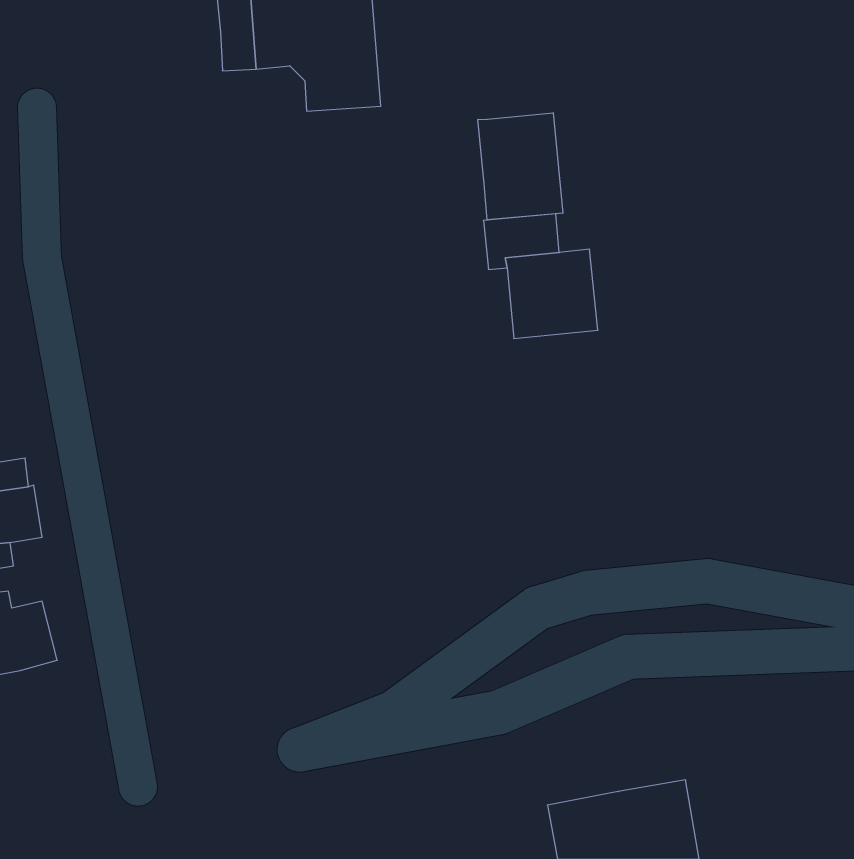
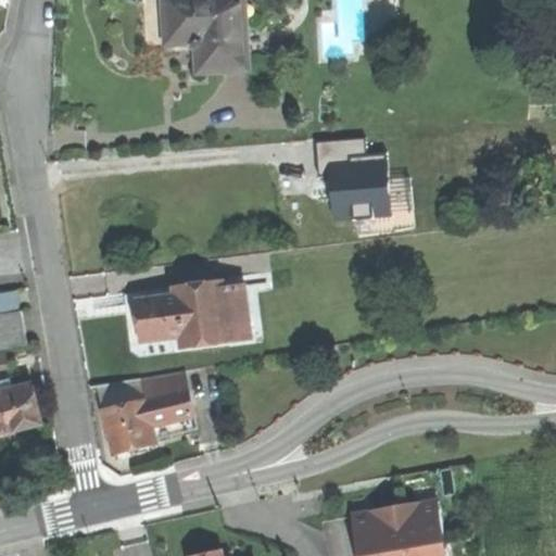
building: [478,113,563,220] -> none
building: none -> [135,282,251,348]
building: none -> [99,369,194,455]

